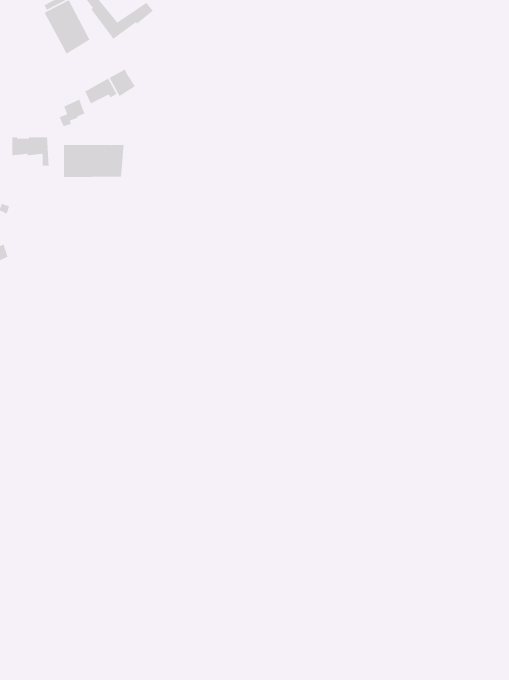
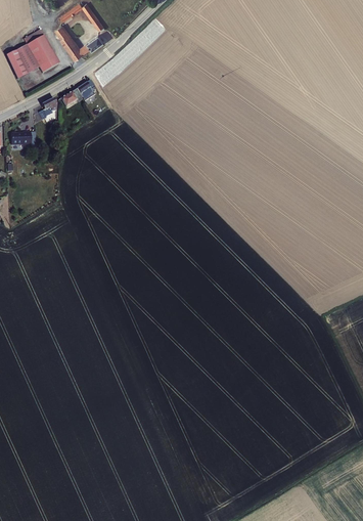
building: none -> [8,44,43,81]
building: [63,144,124,178] -> none

